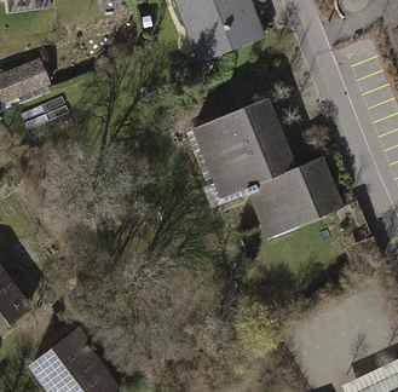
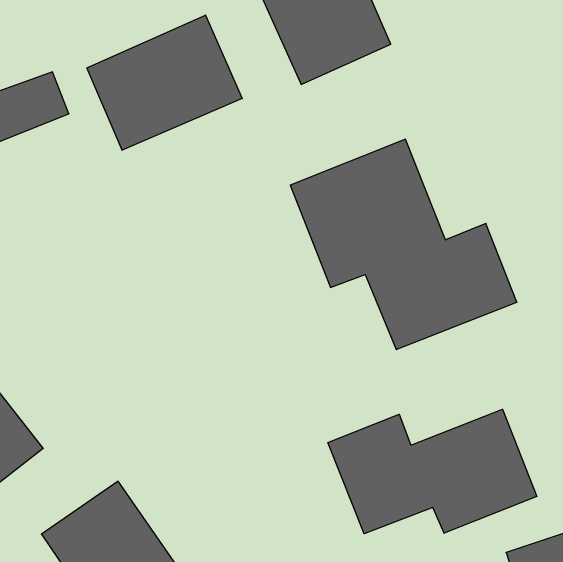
building: none -> [87,15,242,150]
building: none -> [328,409,537,534]

